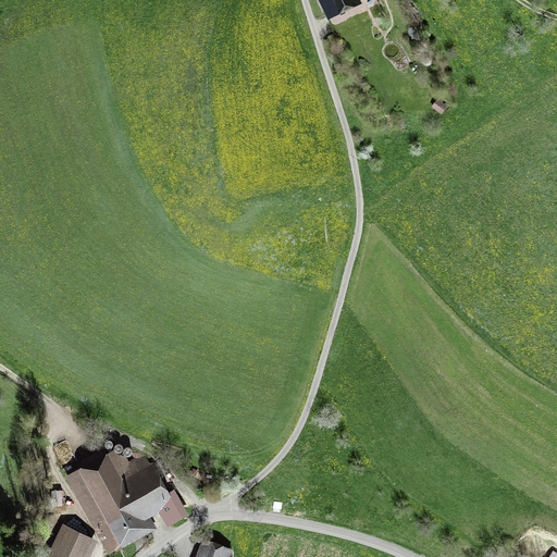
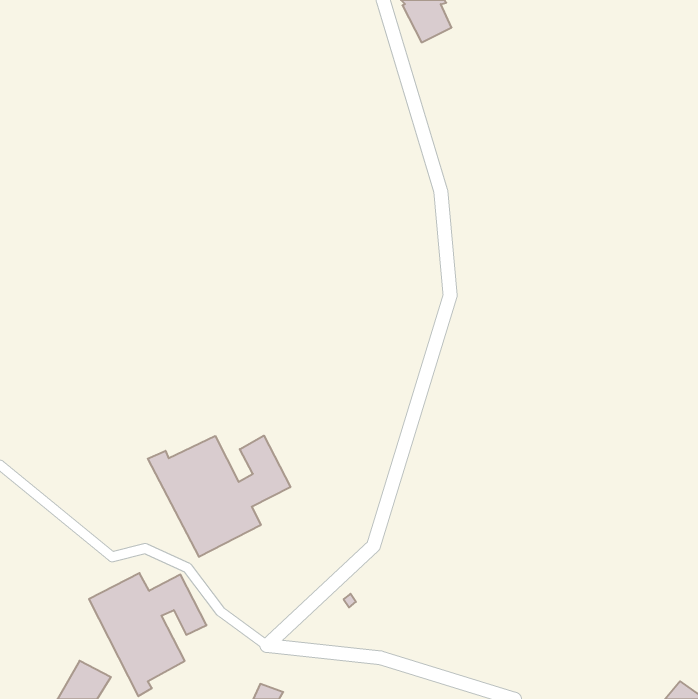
building: none -> [148,436,290,557]
building: [159,495,187,523] -> none

